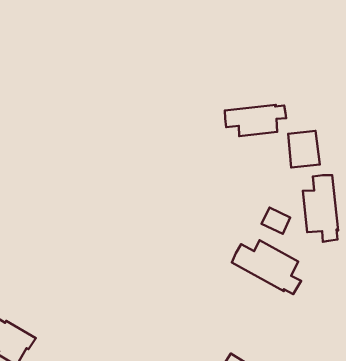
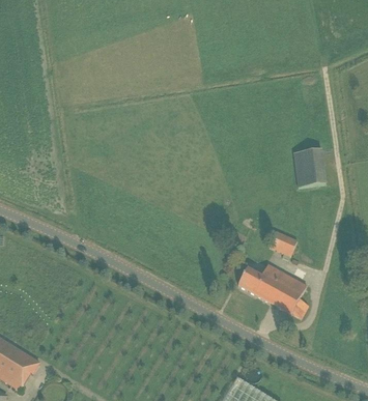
building: [225,105,286,136] -> none
building: [303,175,338,242] -> none

